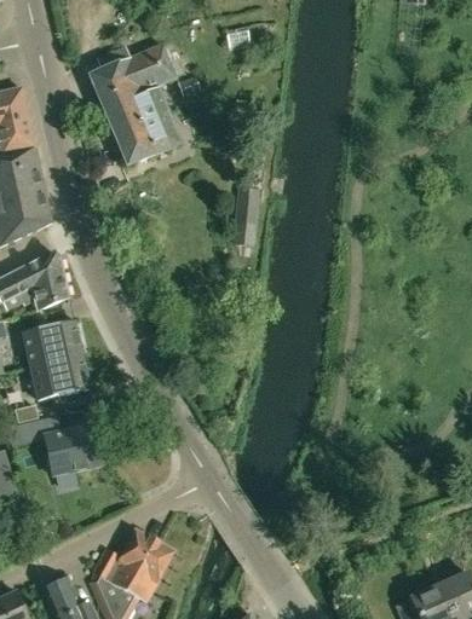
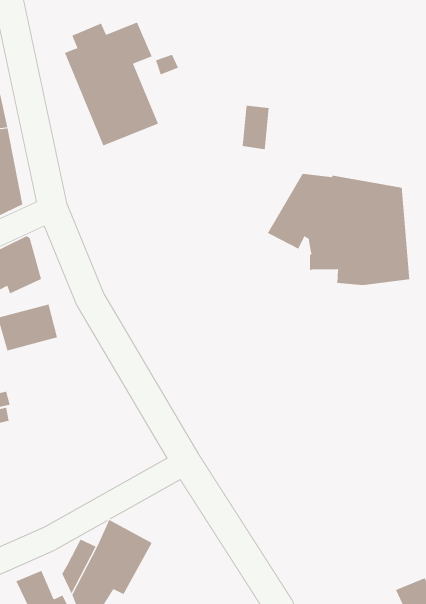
building: none -> [267,173,410,286]
building: [229,201,255,244] -> [242,105,269,150]
building: [33,351,91,397] -> none
building: [50,421,110,474] -> none

